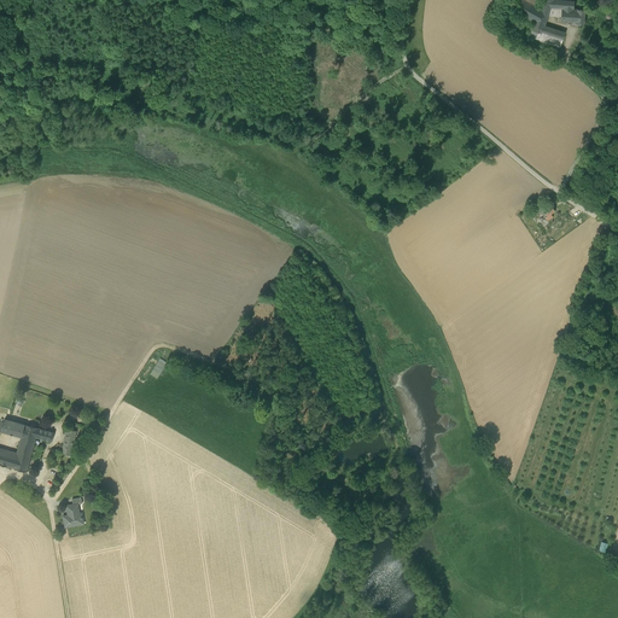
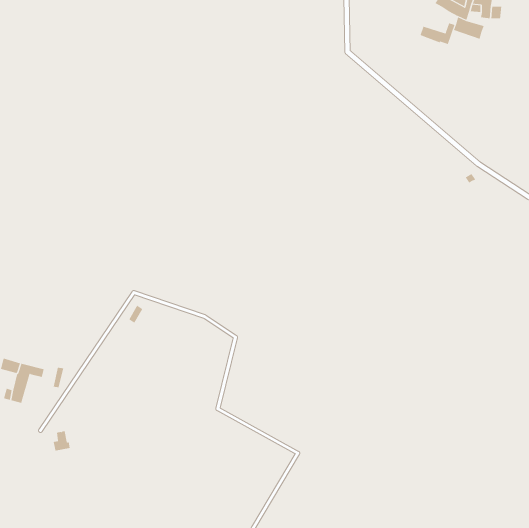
building: none -> [420,22,455,45]

